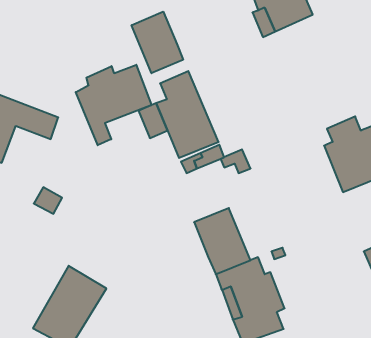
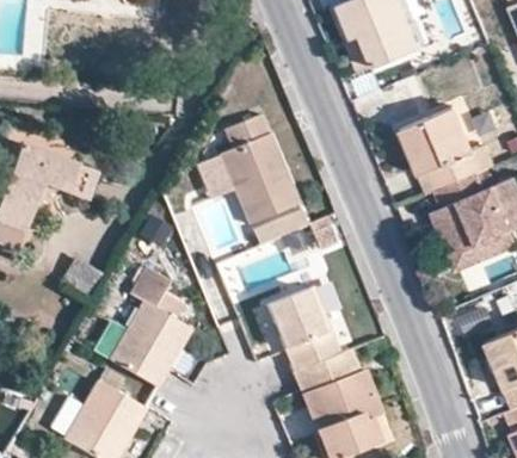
building: [132,12,183,73] -> none
building: none -> [398,107,478,194]
building: [76,65,151,145] -> none
building: none -> [109,270,190,390]

